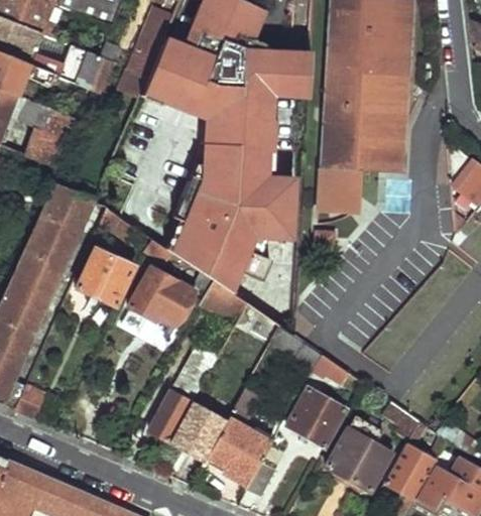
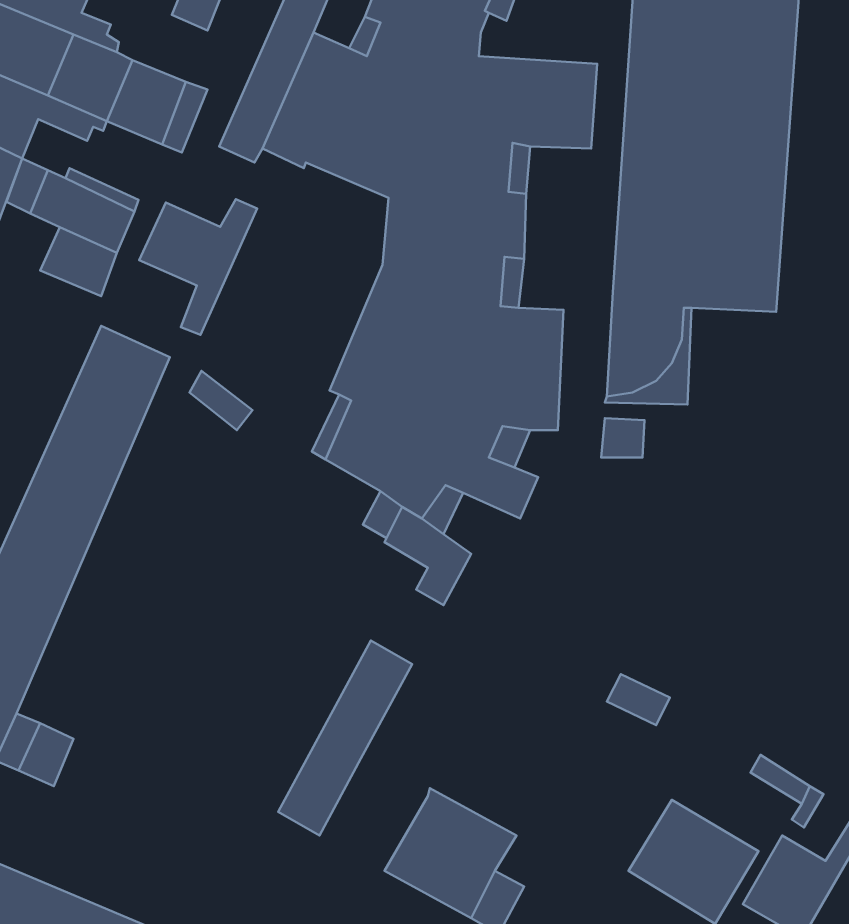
building: none -> [139,199,257,335]
building: [75,249,130,306] -> none
building: [127,270,189,324] -> none
building: [283,386,341,445] -> none
building: [168,404,224,462] -> none

